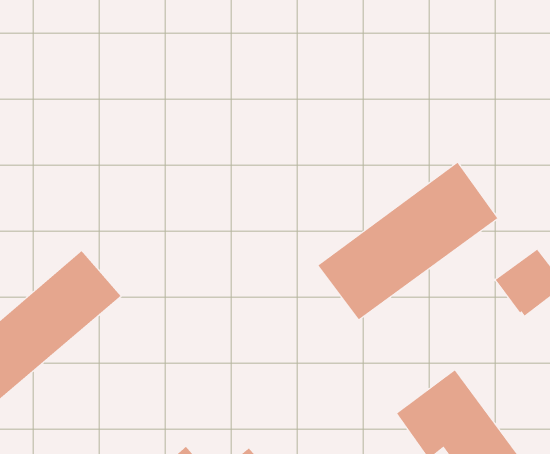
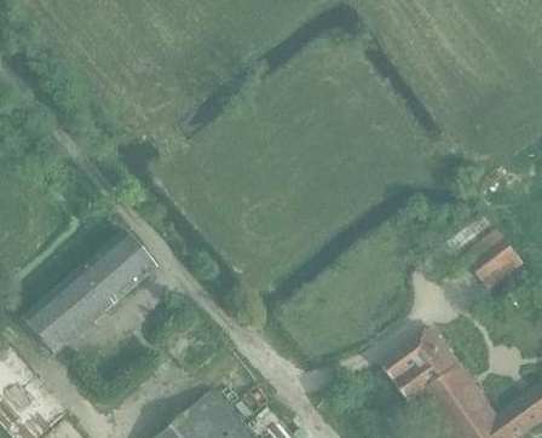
building: [318,162,498,320] -> none

